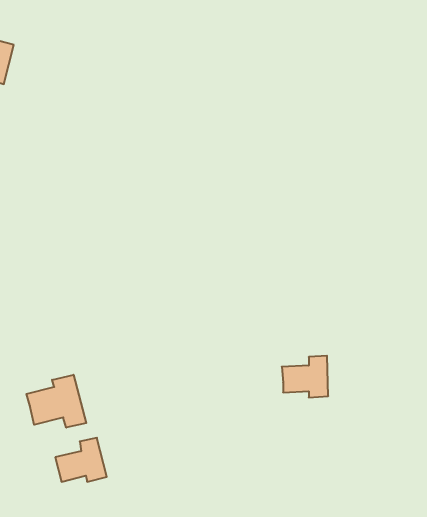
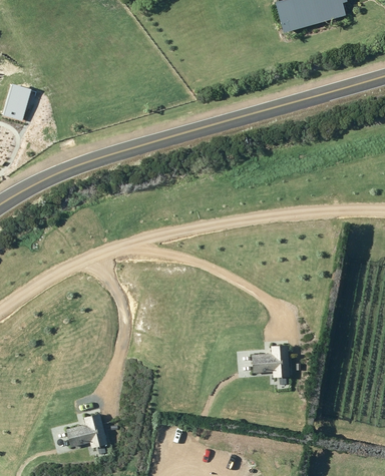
building: [26,375,86,428] -> none

